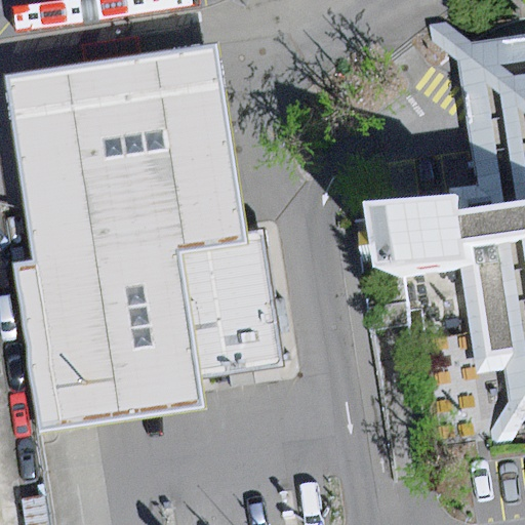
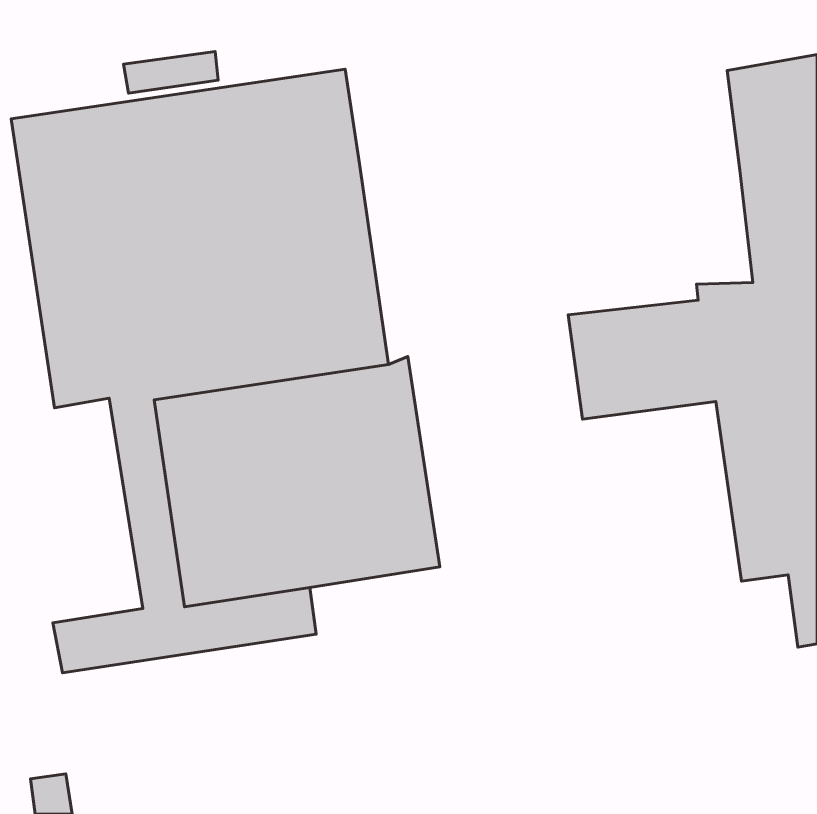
building: [12,254,91,398] -> none

